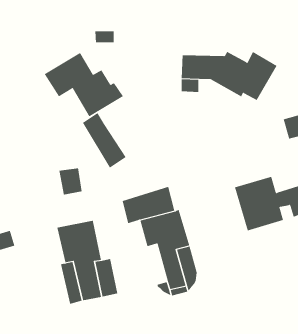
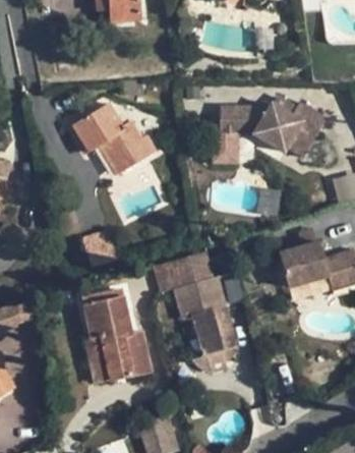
building: [82,112,127,168] -> none

